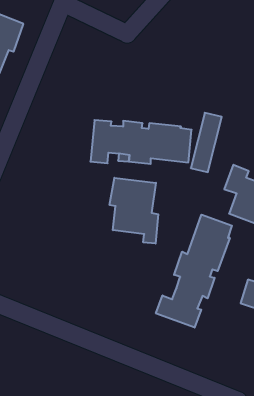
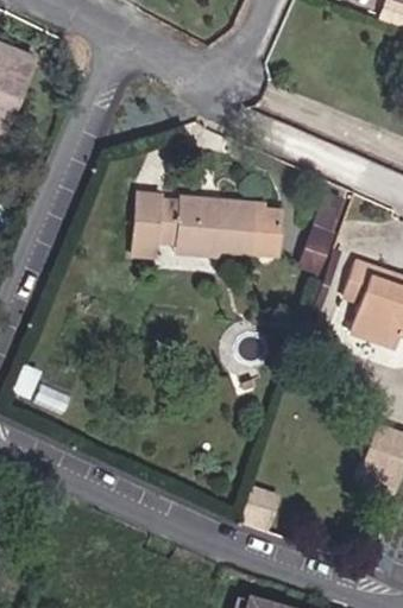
building: [110,178,158,244] -> none
building: [156,215,232,328] -> none

